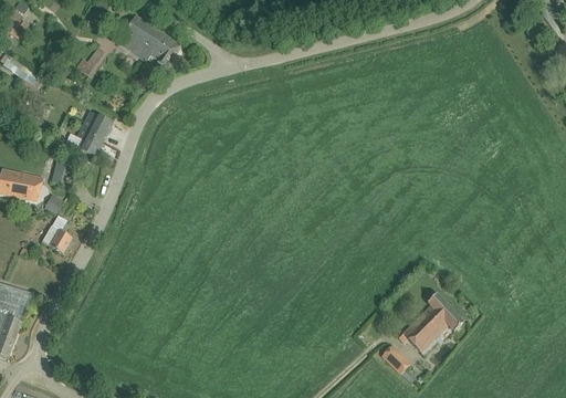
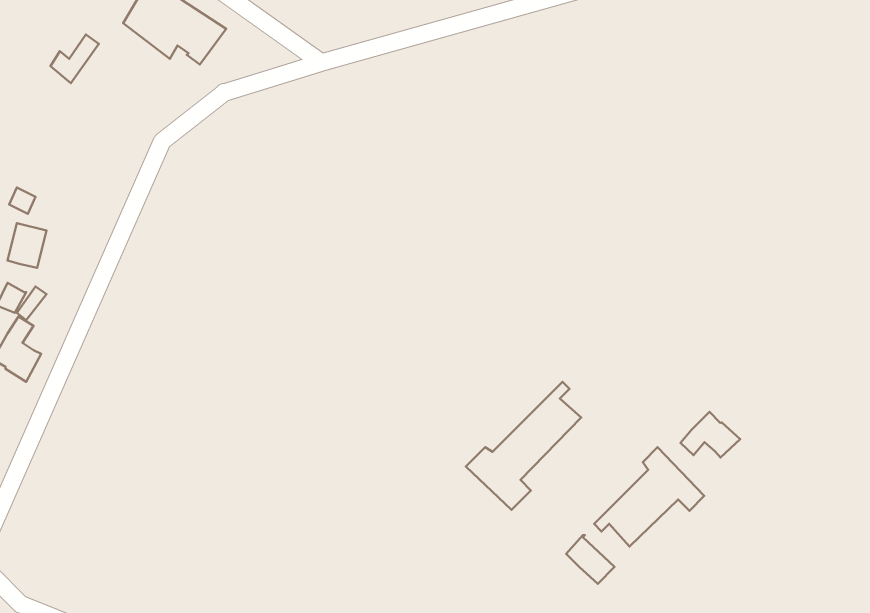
building: [77,112,112,158] -> none
building: none -> [466,382,581,510]
building: none -> [680,412,740,458]

